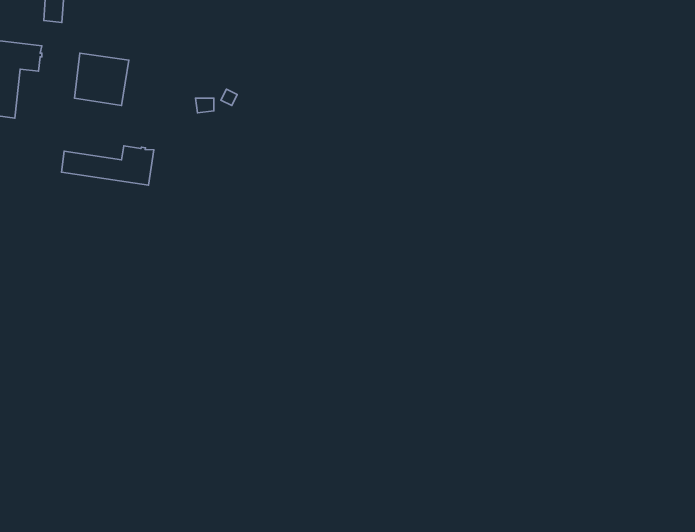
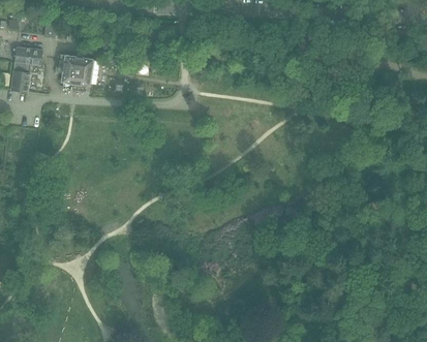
building: [61,146,154,185] -> none

